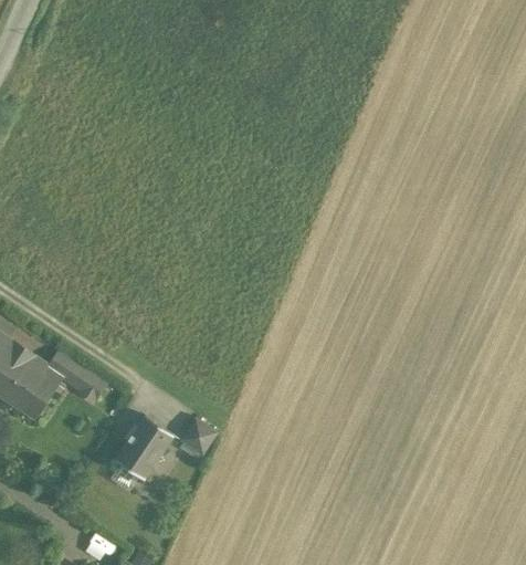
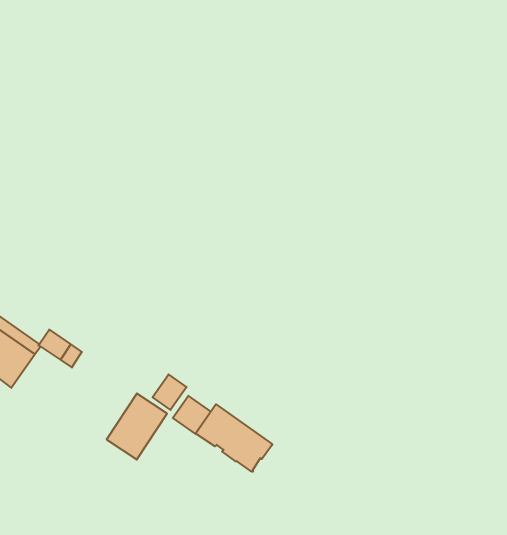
building: none -> [153,374,187,410]
building: none -> [196,404,272,472]

